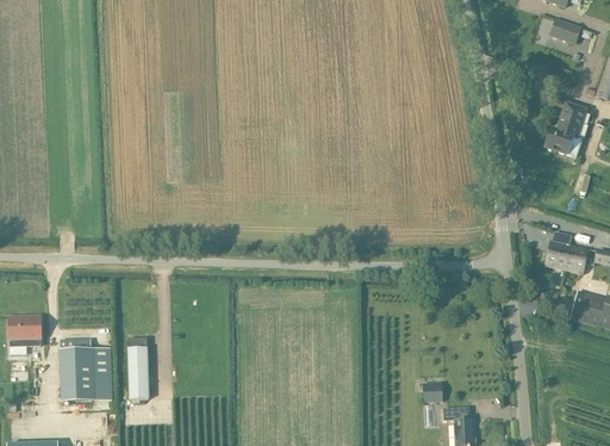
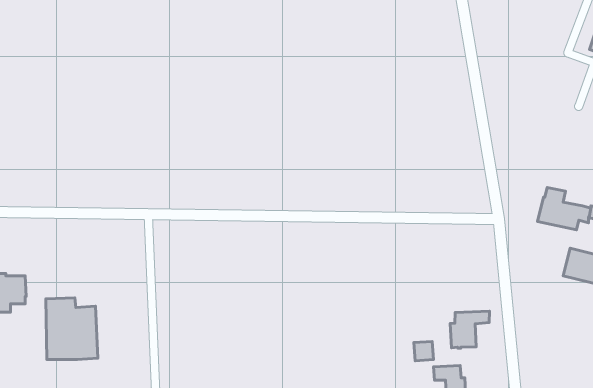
building: [546,101,586,156] -> none
building: [127,336,149,398] -> none
building: none -> [450,311,489,348]

